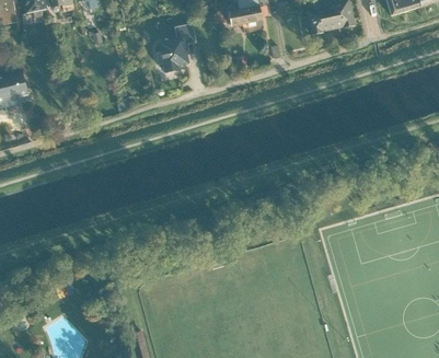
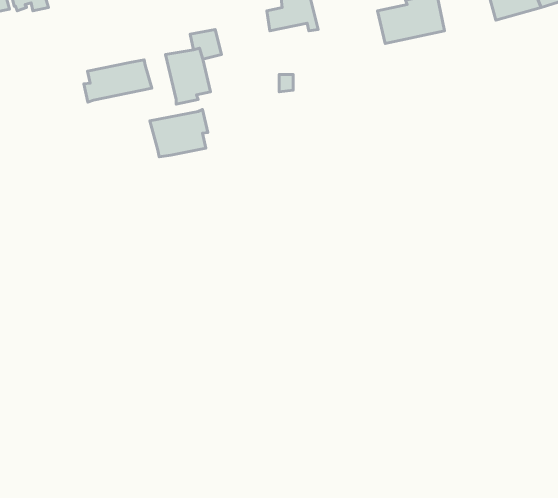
building: none -> [84,60,152,102]
building: none -> [150,109,208,157]

